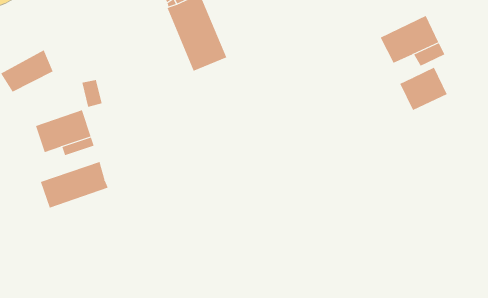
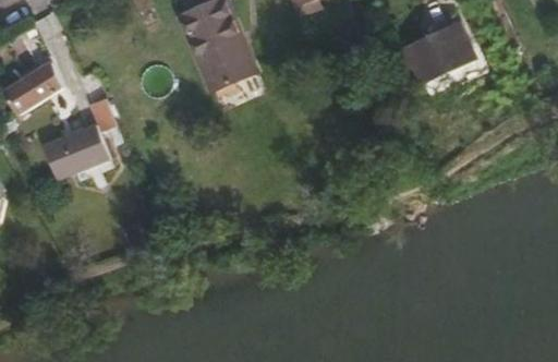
building: [400,67,448,111] -> none
building: [40,161,108,208] -> none

